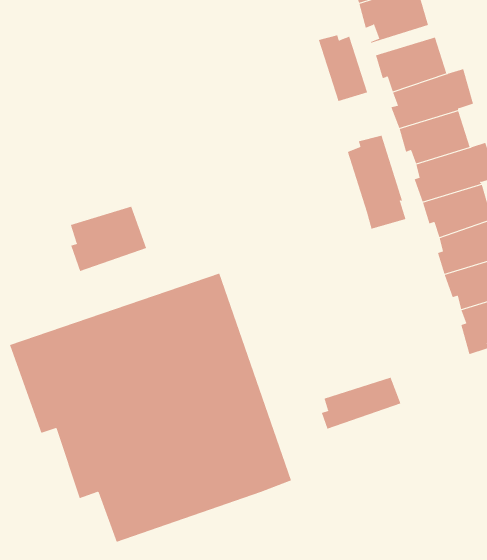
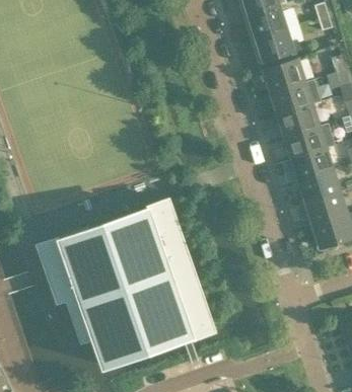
building: [318,35,368,102] -> none
building: [347,135,406,230] -> none
building: [70,206,147,272] -> none
building: [321,377,401,429] -> none

